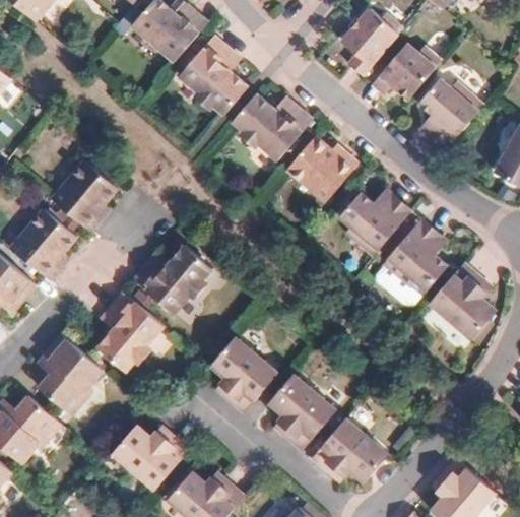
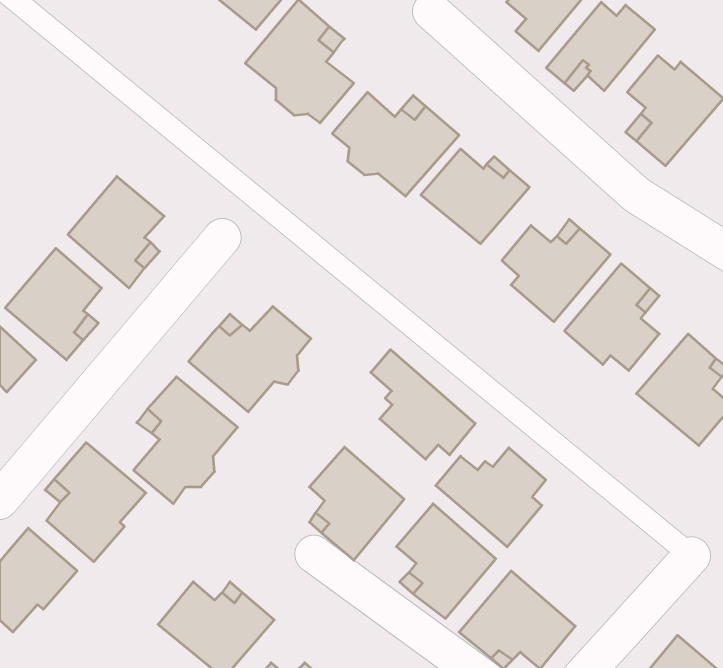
building: [375,261,425,302] -> none
building: none -> [371,350,475,459]
building: none -> [436,448,546,547]

